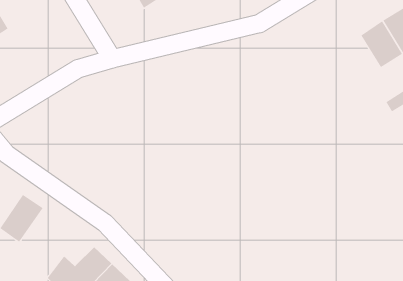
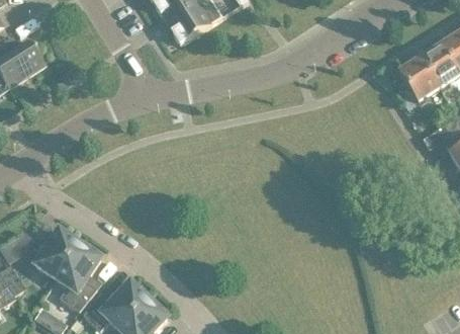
building: none -> [56,243,100,310]

